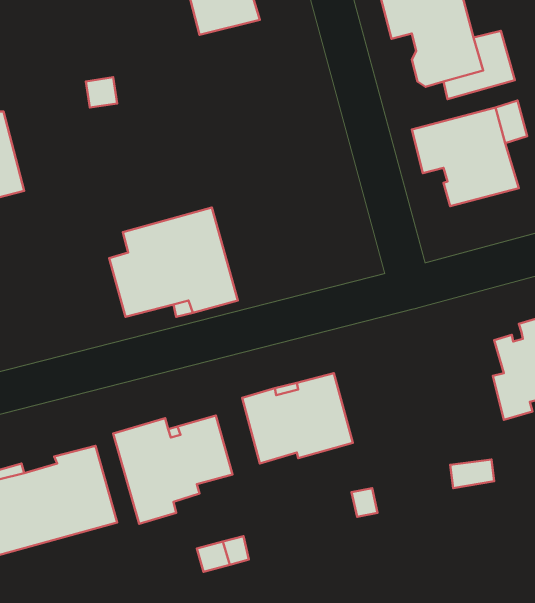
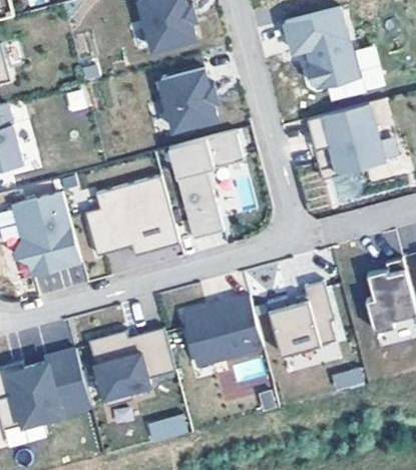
building: none -> [158,69,217,131]
building: none -> [167,130,243,241]
building: none -> [12,193,80,278]
building: none -> [266,282,335,356]

